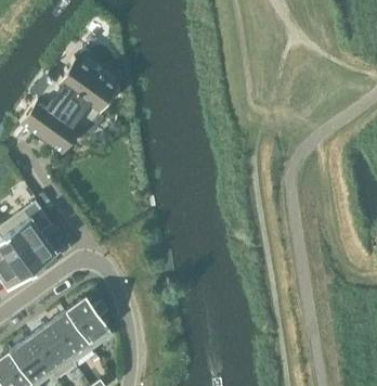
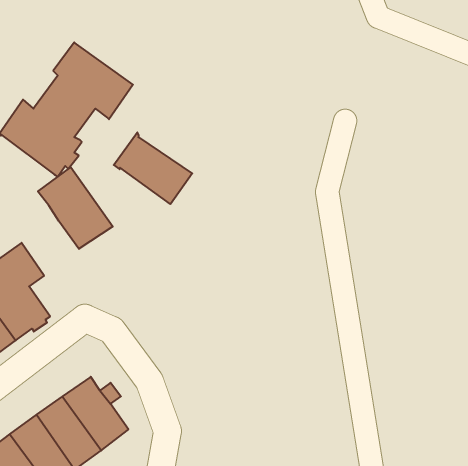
building: none -> [114,132,192,204]
building: none -> [38,167,113,249]

